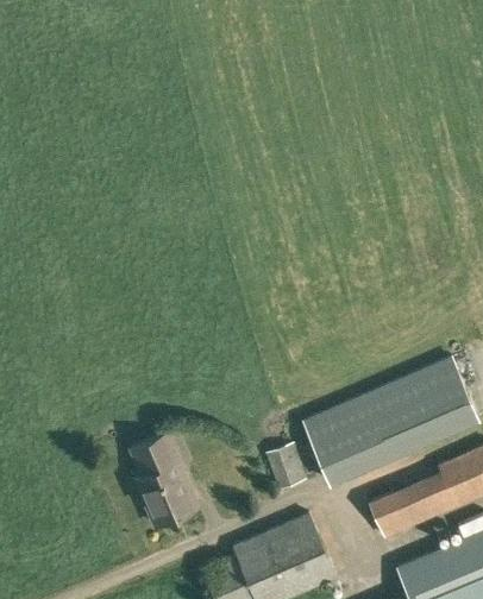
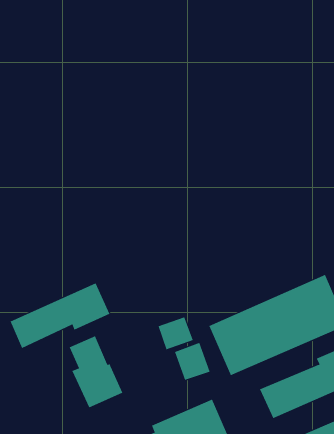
building: none -> [10,282,110,349]
building: none -> [158,317,194,350]

